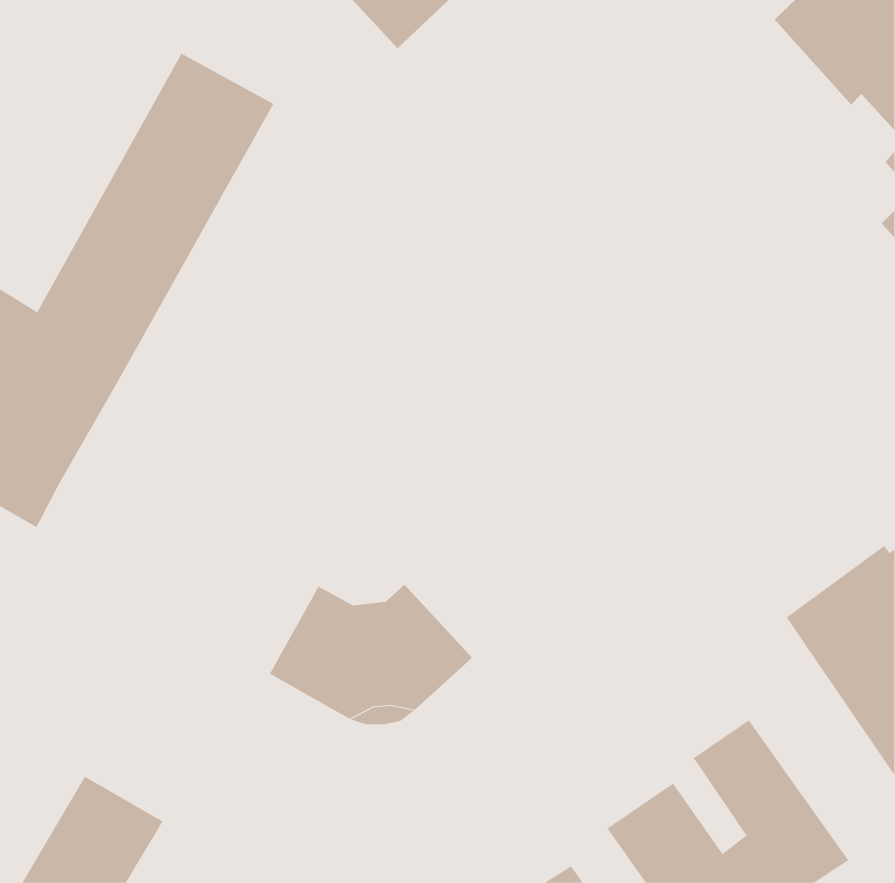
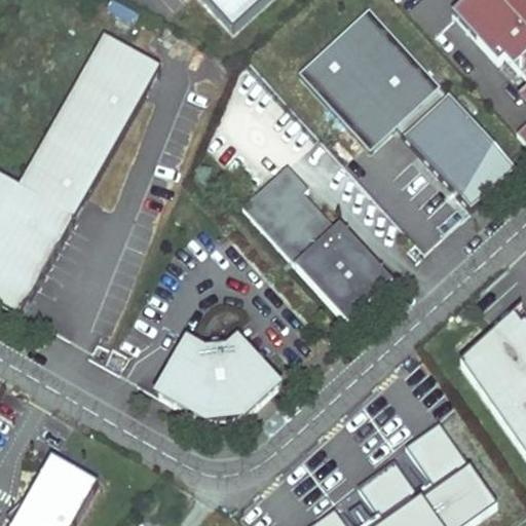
building: none -> [300,7,515,208]
building: none -> [241,163,391,321]

